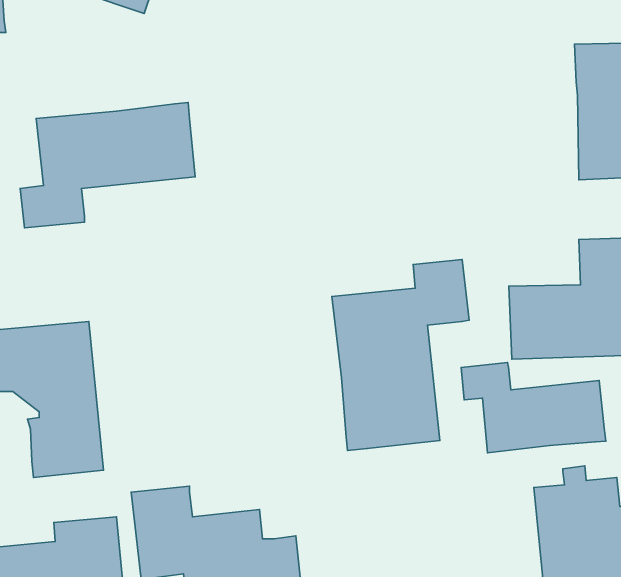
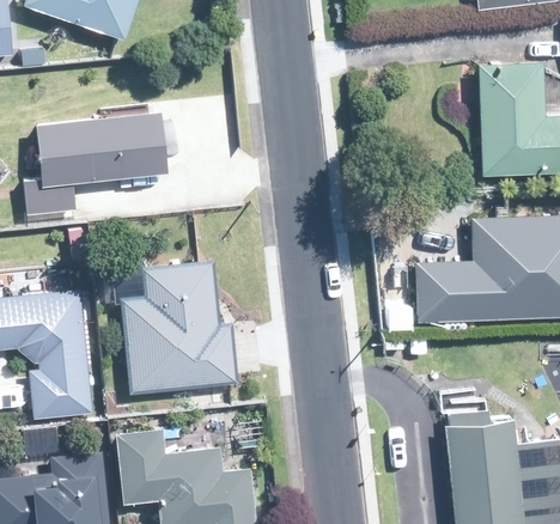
building: [332,260,469,451] -> none
building: none -> [122,261,239,394]
building: [461,363,606,453] -> none

